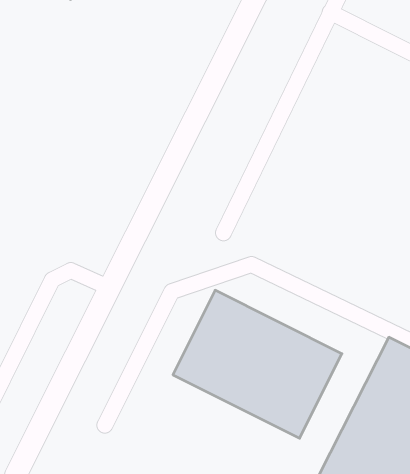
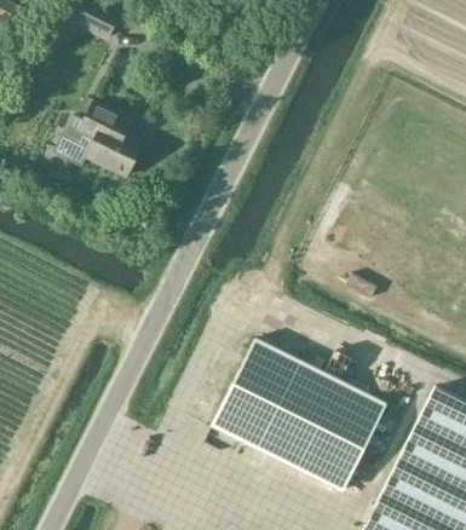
building: none -> [53,98,145,177]

